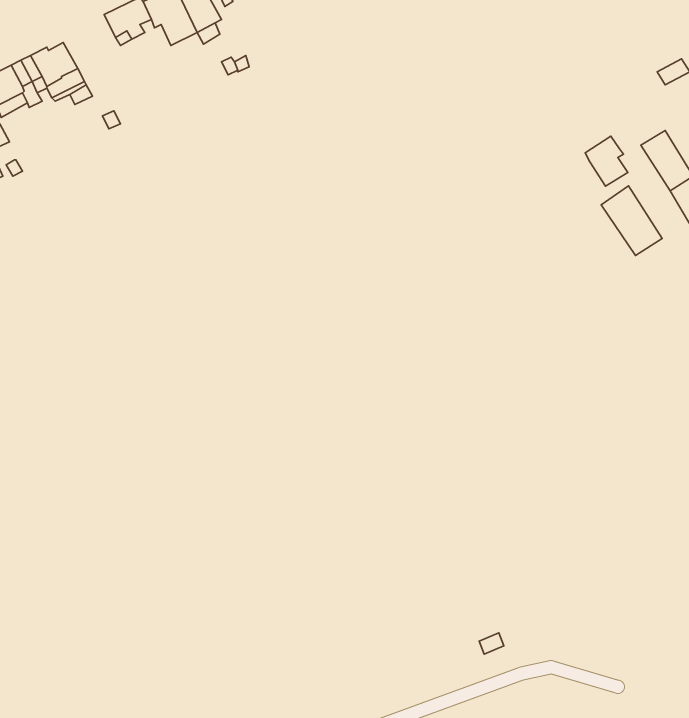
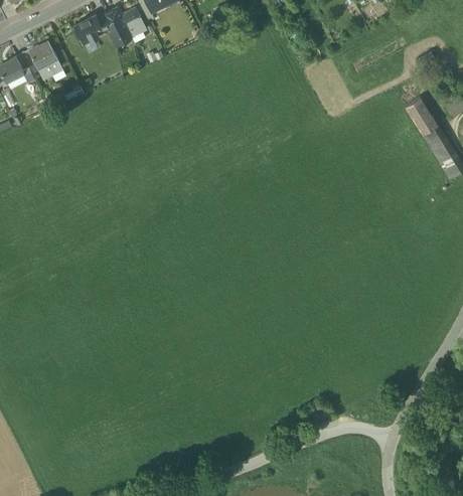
building: [585,136,628,186] -> none
building: [601,186,662,255] -> none

